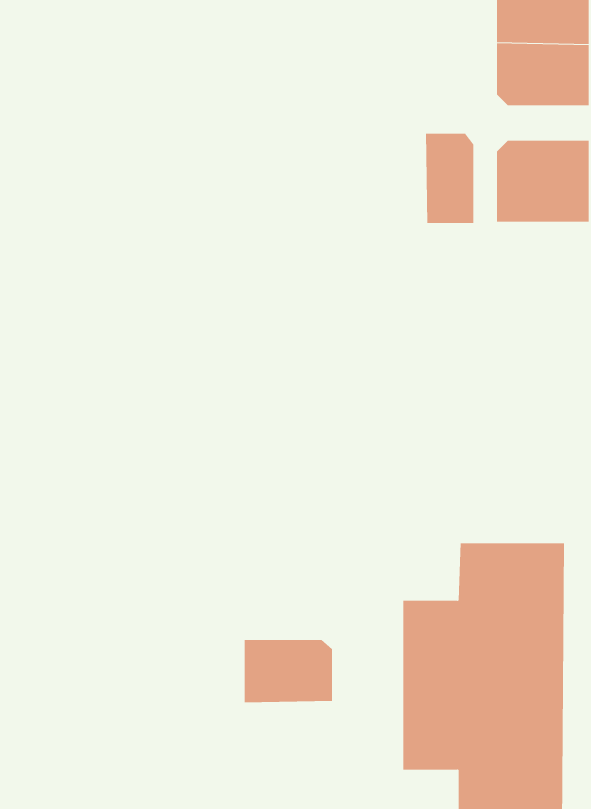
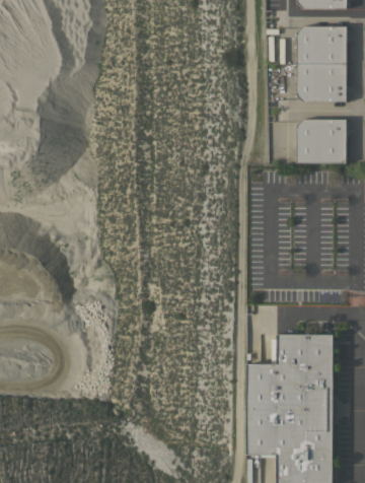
building: [425,133,474,224] -> none
building: [244,639,333,703] -> none

